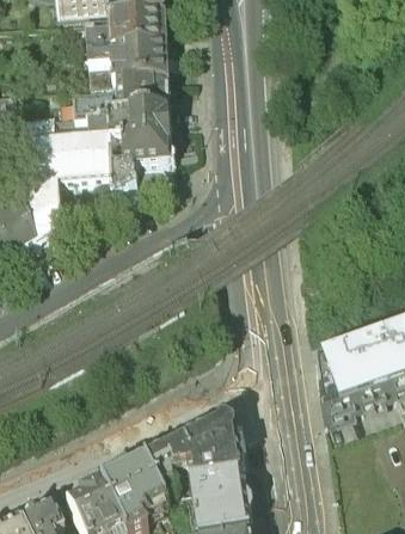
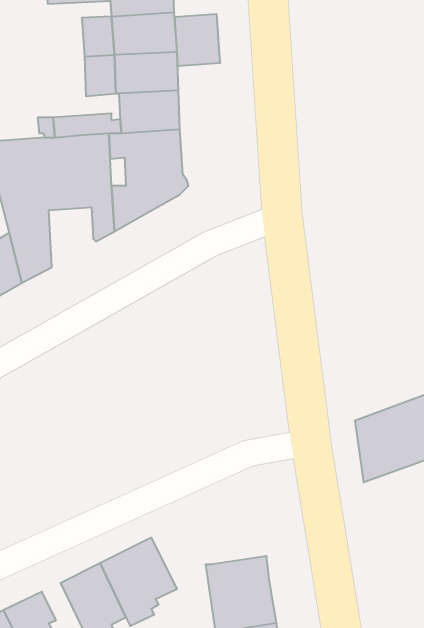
building: none -> [175,14,220,66]
building: [143,412,240,483] -> none

